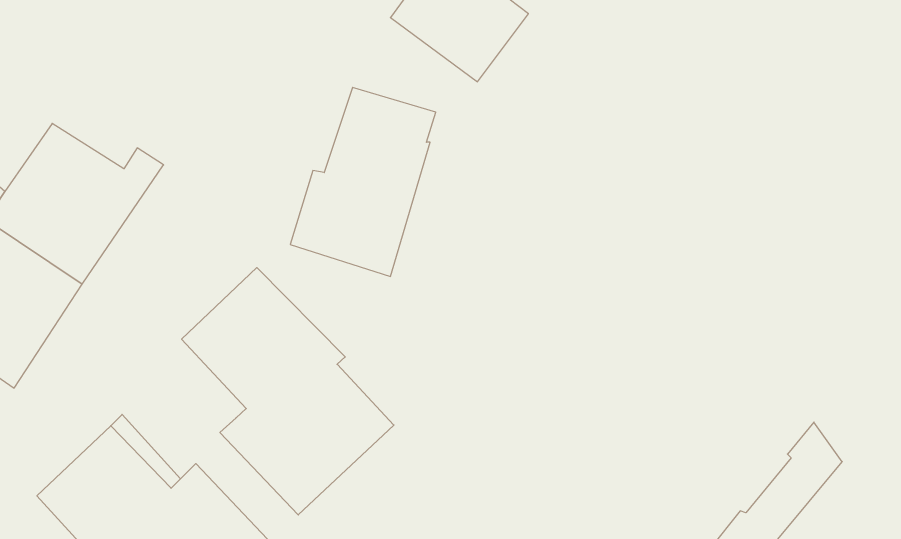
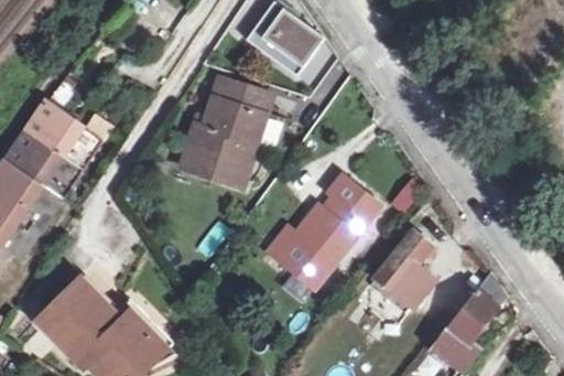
building: none -> [273,174,379,287]
building: [182,268,394,515] -> none
building: none -> [372,234,432,309]

